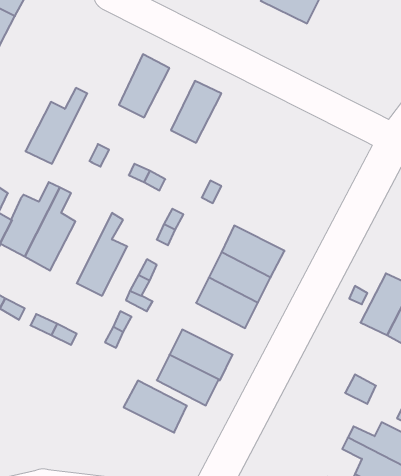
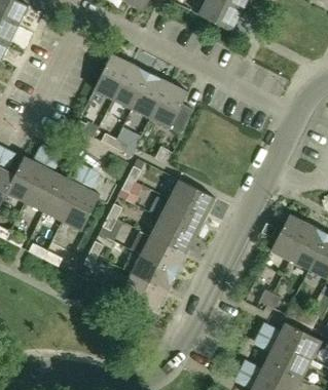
building: none -> [112,64,149,109]
building: [25,88,87,164] -> [43,165,88,221]
building: none -> [150,82,193,133]
building: [124,381,187,433] -> [140,235,186,273]

